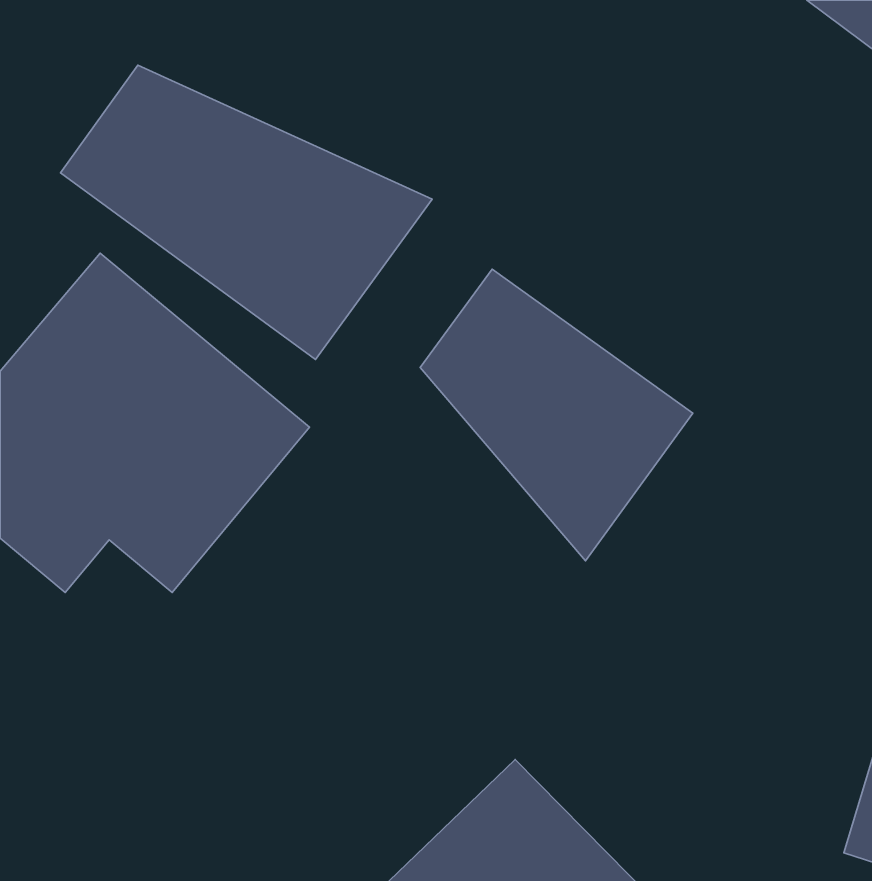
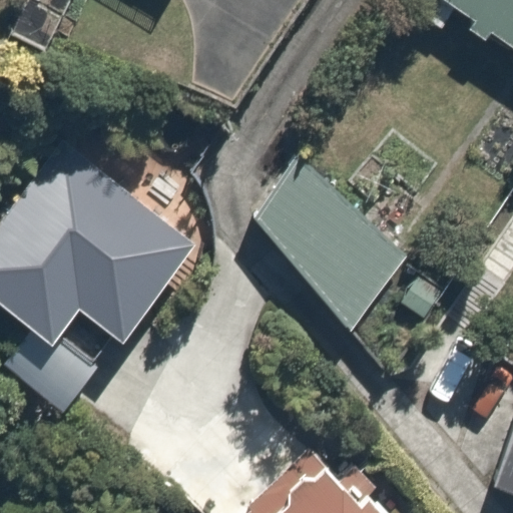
building: [60,65,432,360] -> none

